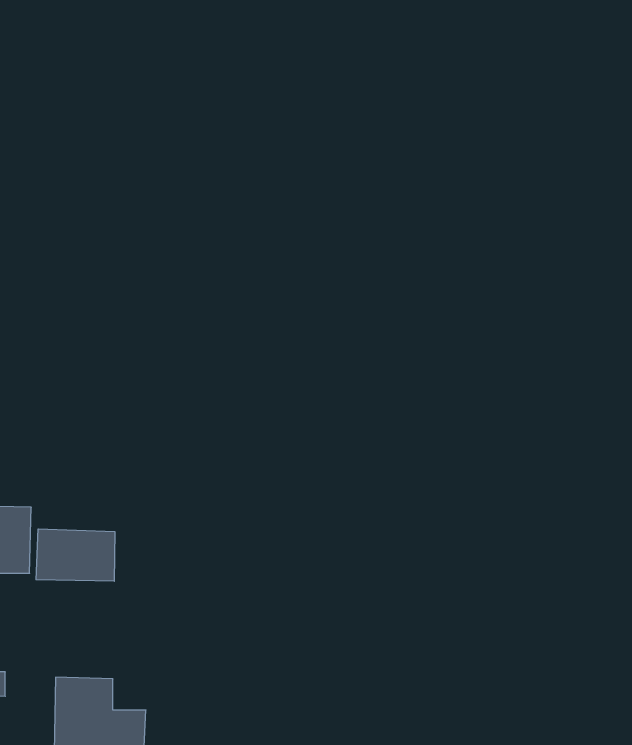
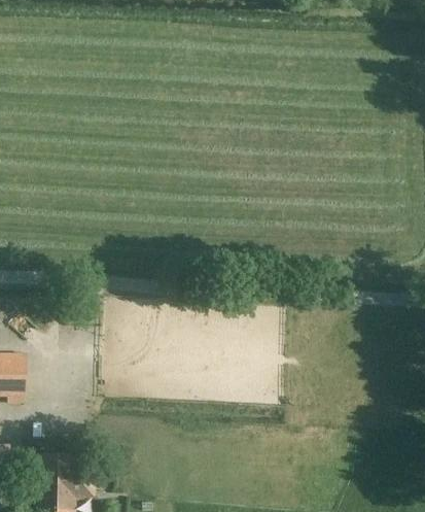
building: [36,529,115,581] -> none

